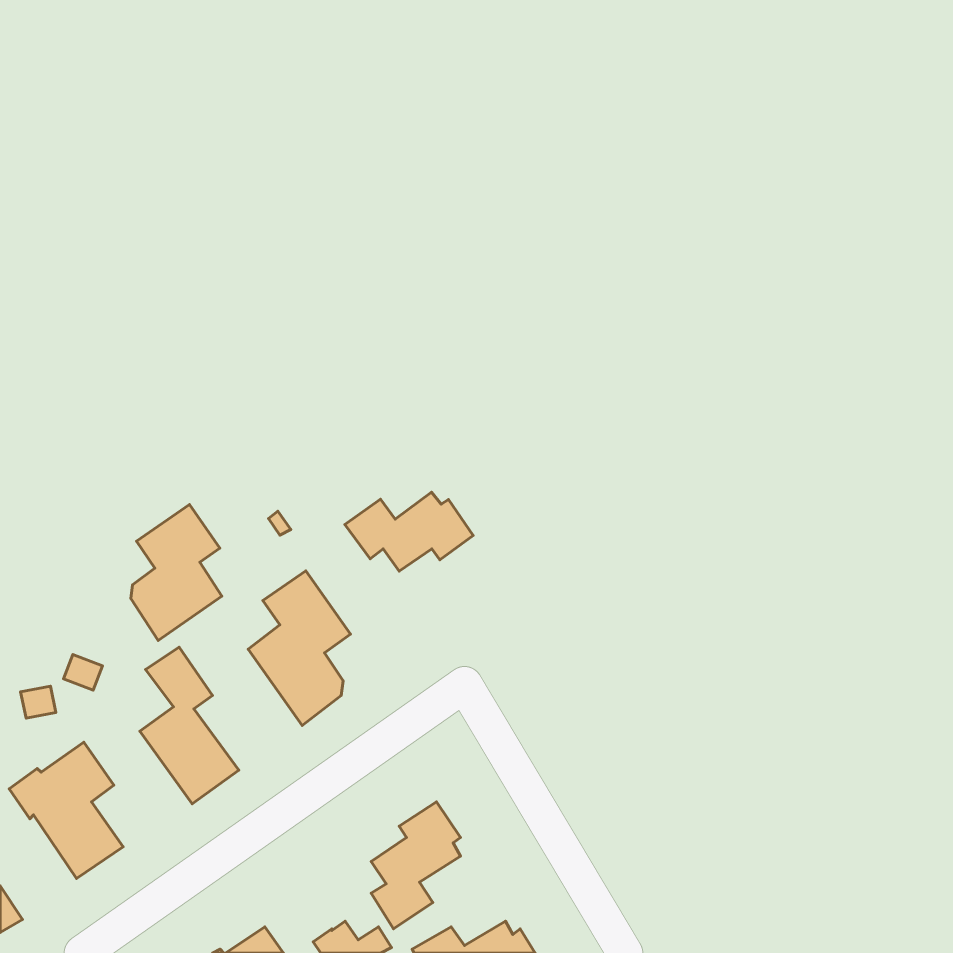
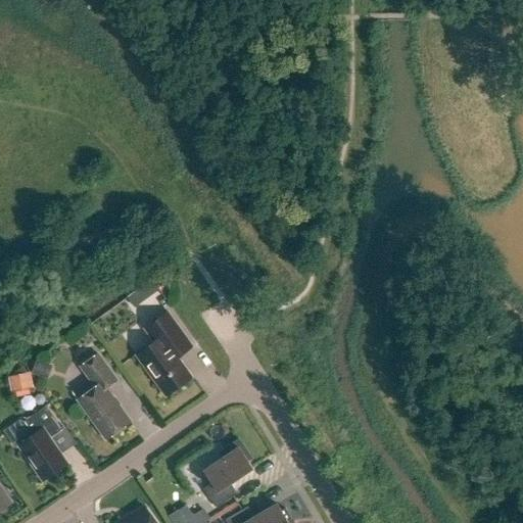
building: [345,492,473,571] -> none
building: [131,505,222,640] -> none

